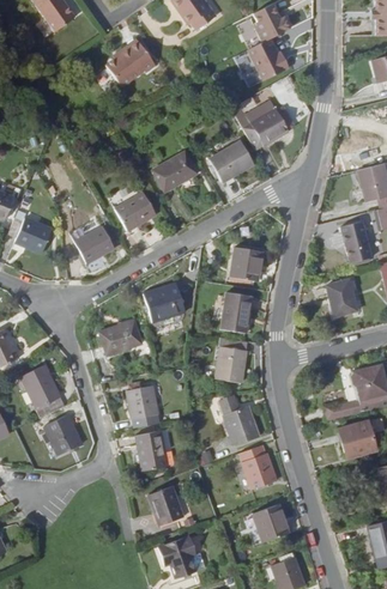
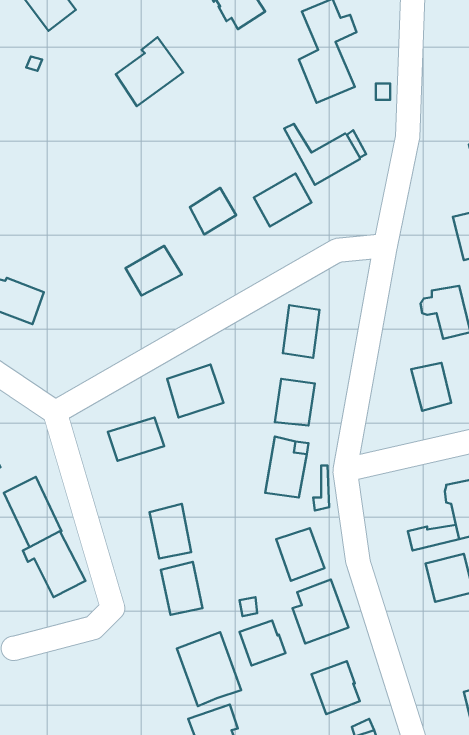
building: [75,225,115,262] -> none
building: none -> [239,621,286,665]

